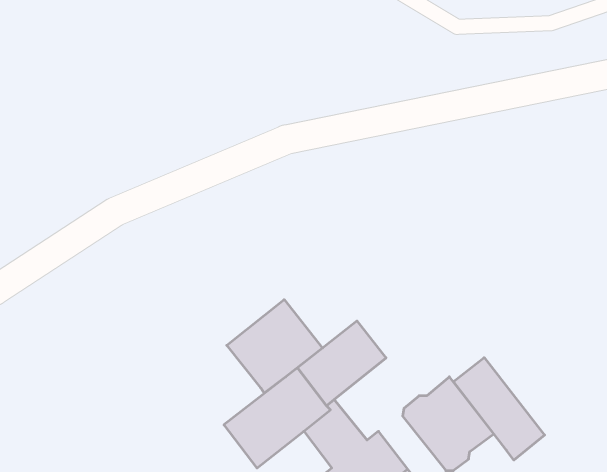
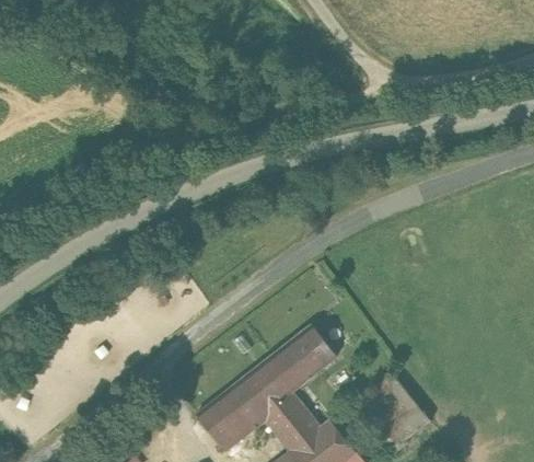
building: [227,300,323,393] -> none
building: [454,358,545,460] -> none

